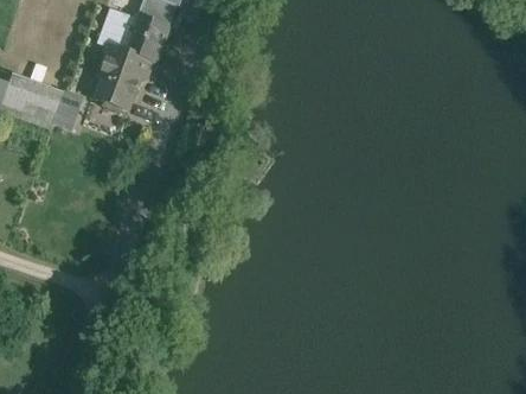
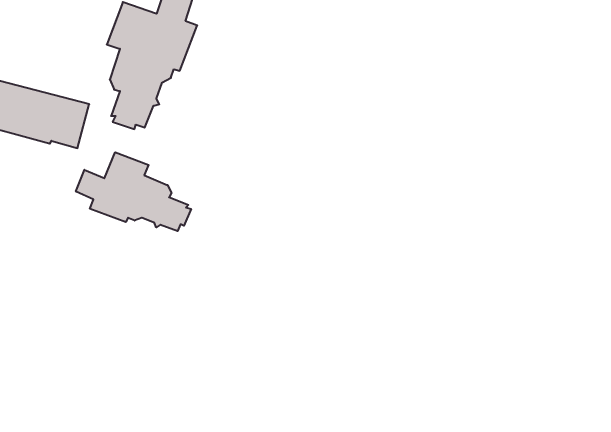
building: none -> [76,152,191,231]

